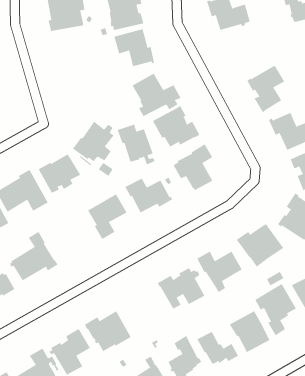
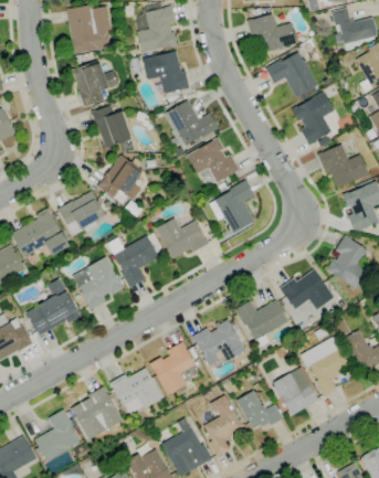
building: none -> [265,52,317,100]
building: none -> [72,61,119,107]
building: [117,124,155,165] -> [91,106,134,152]
building: none -> [72,257,124,310]
building: none -> [149,341,194,395]

